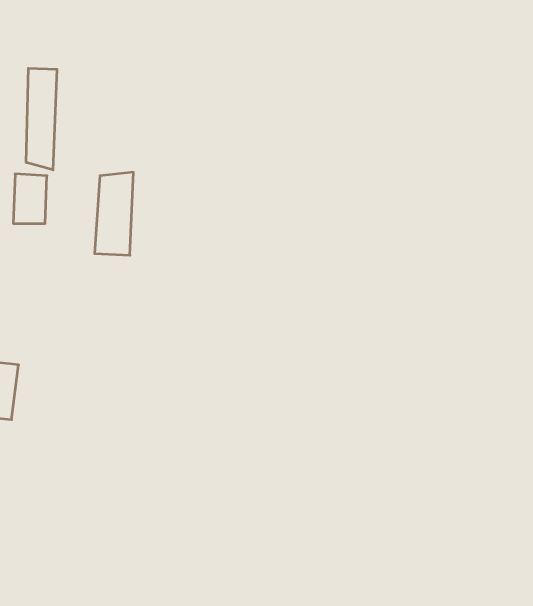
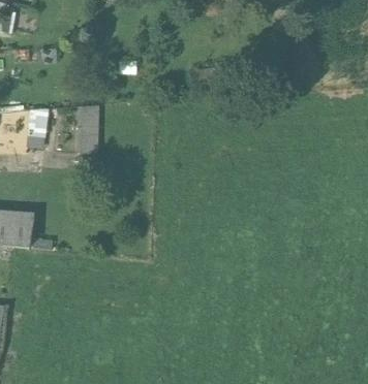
building: [26,68,57,170] -> none

